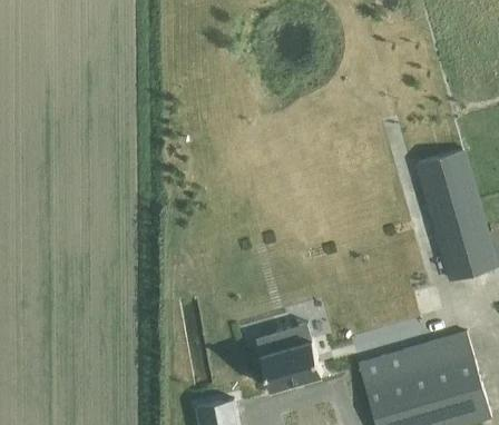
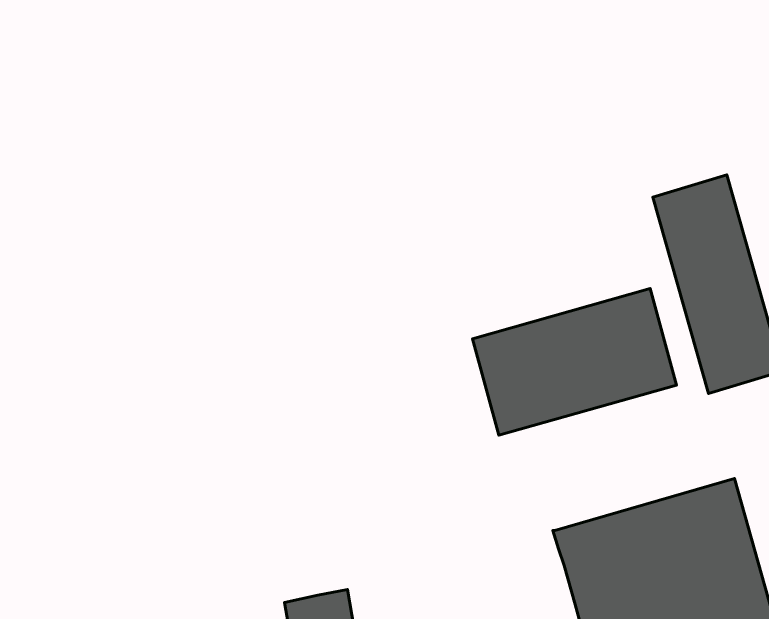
building: none -> [473,288,676,435]
building: [256,323,322,388] -> none

